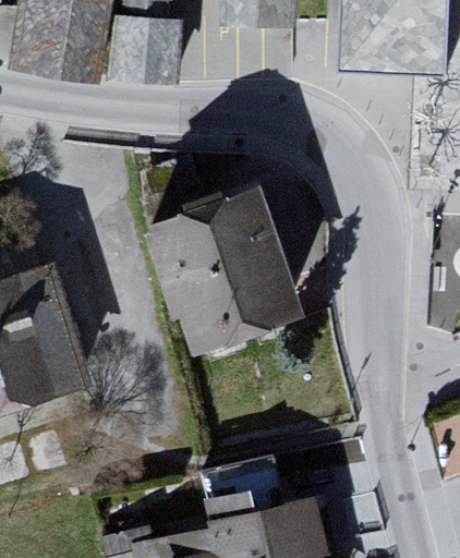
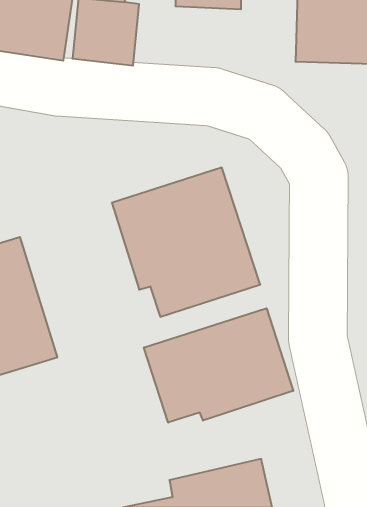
building: none -> [144,308,293,423]

